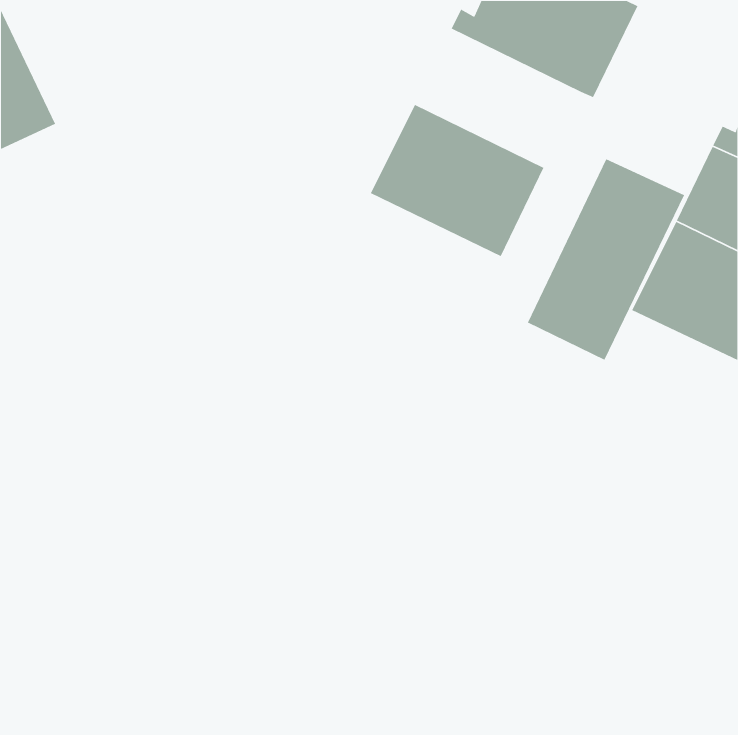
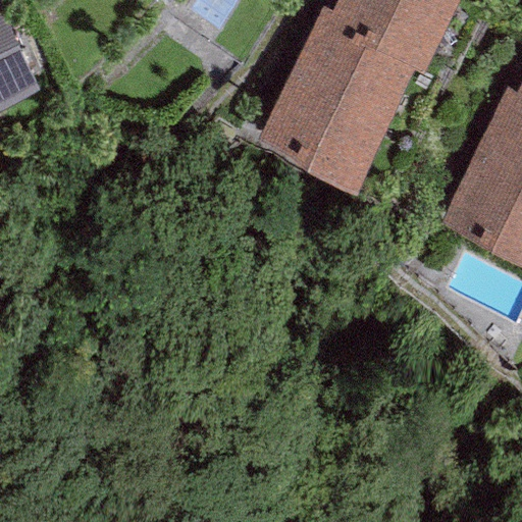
building: none -> [293,22,410,120]
building: [527,158,685,361] -> none

